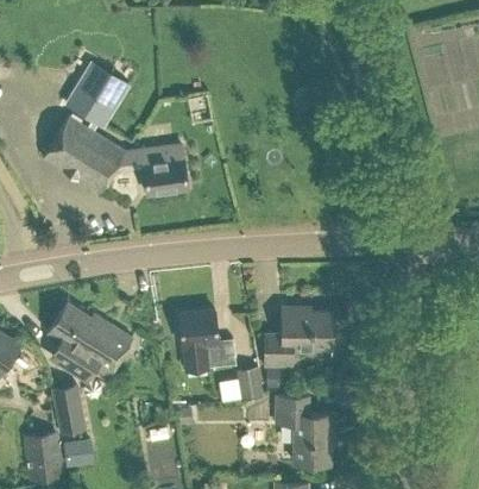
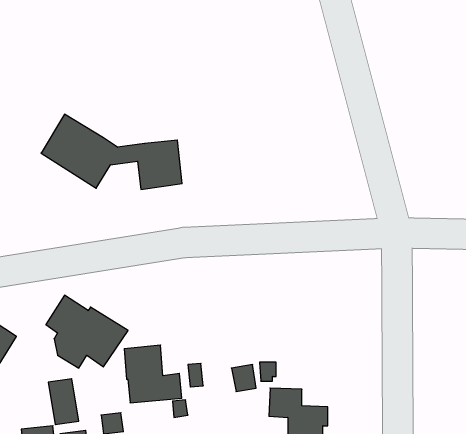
building: [64,61,130,127] -> none
building: [264,307,332,365] -> none
building: [178,311,237,369] -> [124,345,182,403]

